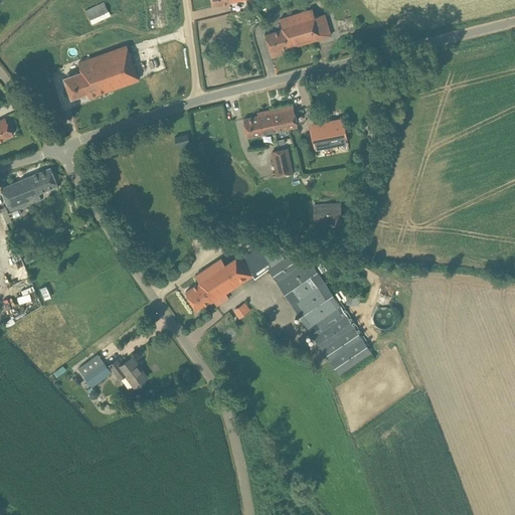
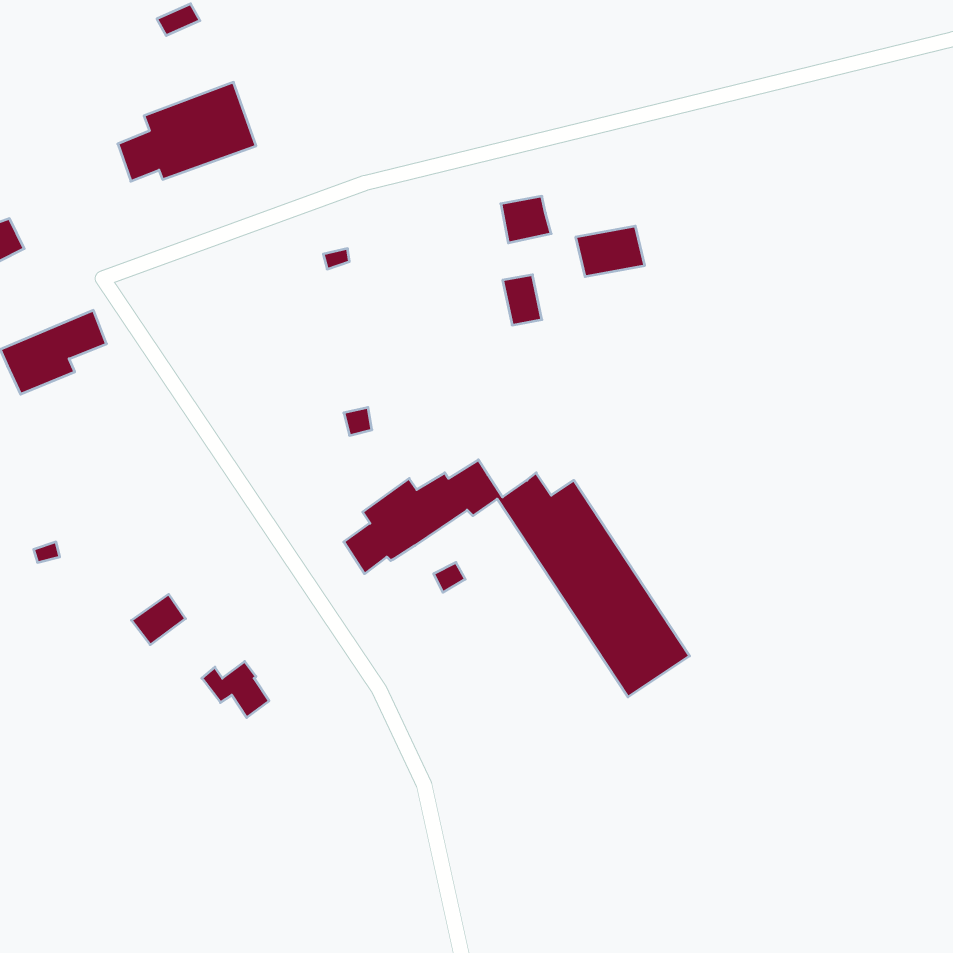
building: [265,10,330,57] -> none
building: [242,111,274,138] -> none
building: [314,203,341,228] -> none
building: [81,360,111,387] -> [131,594,186,645]

